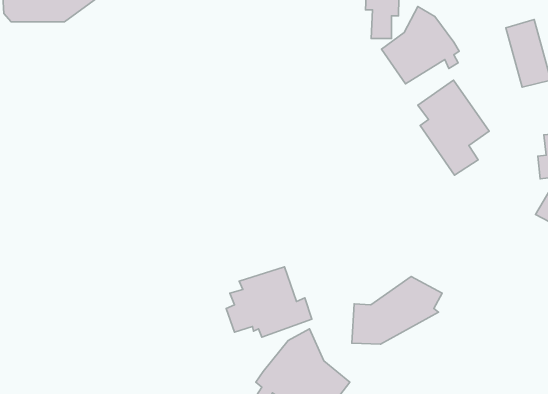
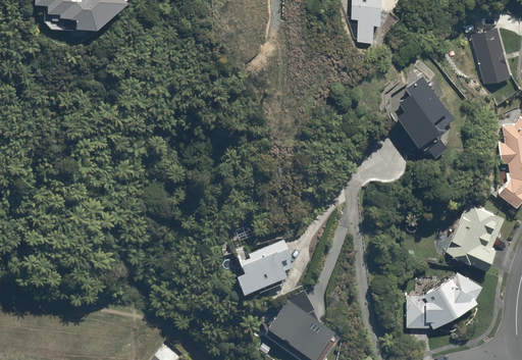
building: [381,6,459,84] -> none
building: none -> [446,202,504,269]
building: [352,276,442,344] -> [406,271,483,329]

